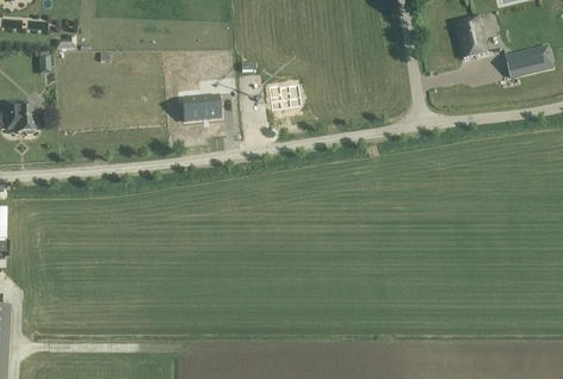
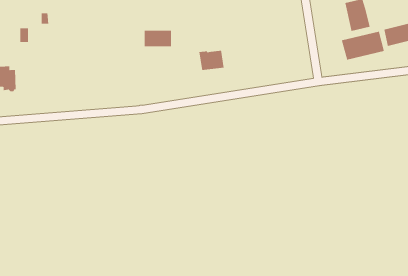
building: none -> [341,31,385,61]
building: [180,99,216,120] -> [144,30,172,47]

